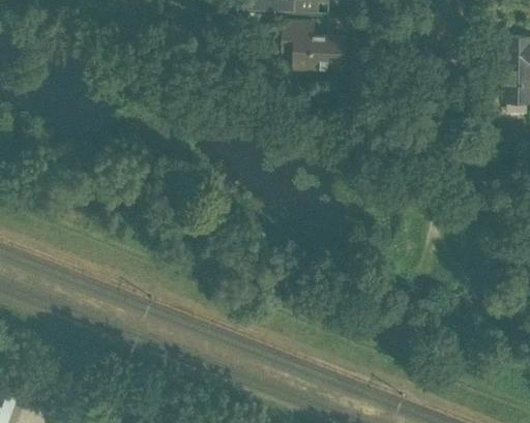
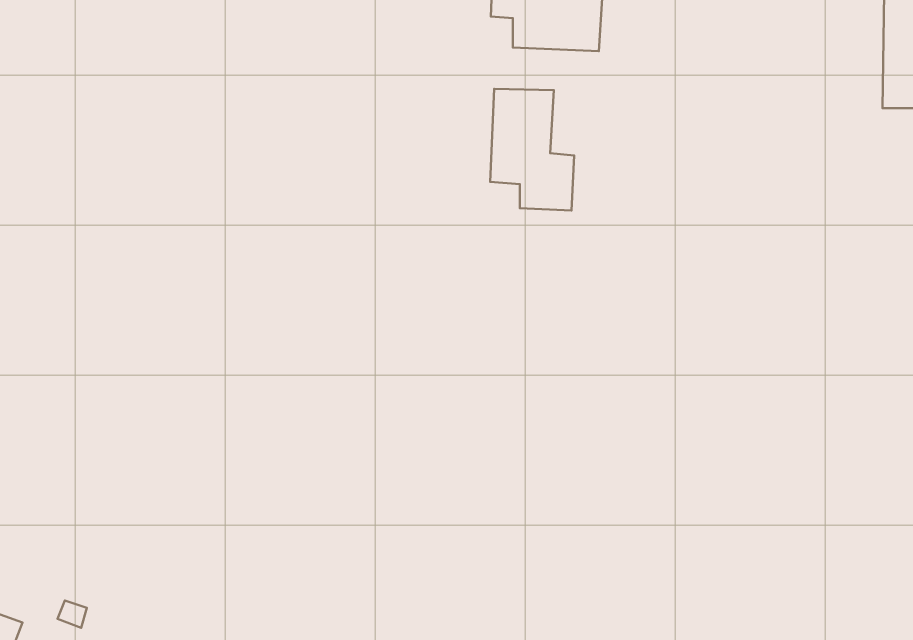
building: none -> [490,89,574,211]

